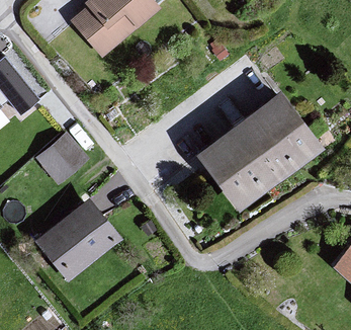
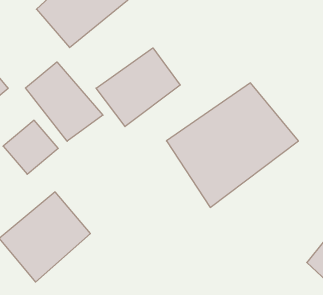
building: none -> [96,48,180,127]
building: none -> [25,62,103,141]

